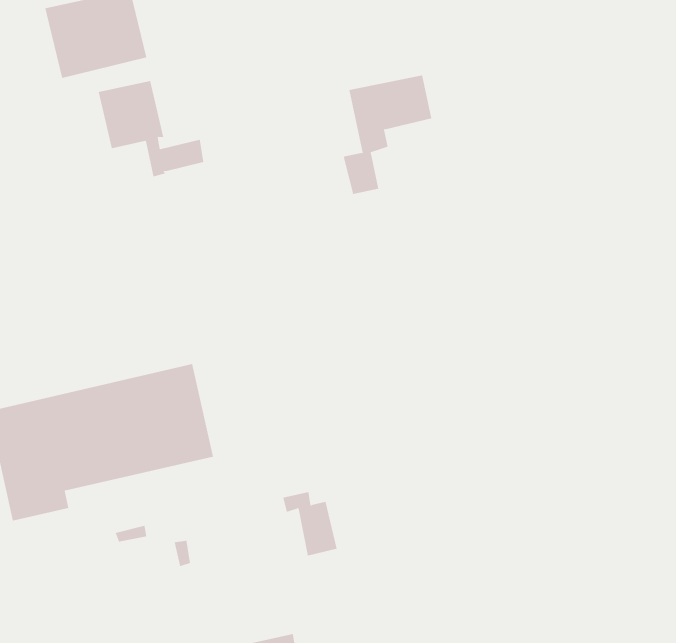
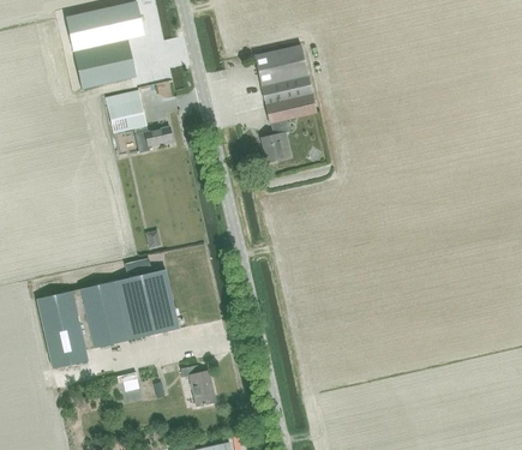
building: none -> [254,44,311,96]
building: [282,492,338,556] -> [181,365,216,406]

